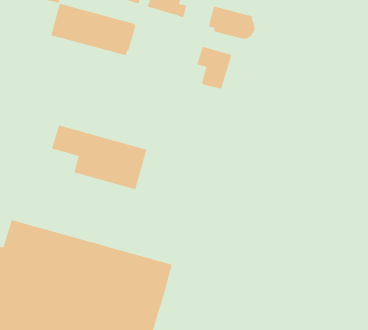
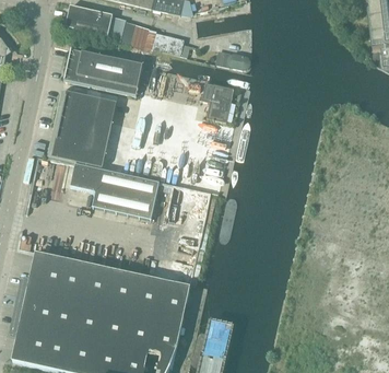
building: none -> [46,90,116,167]

